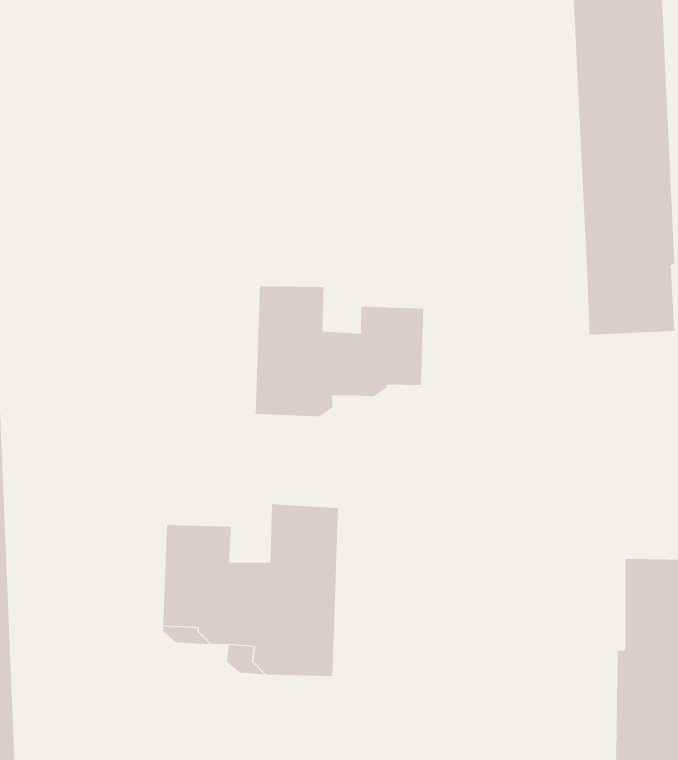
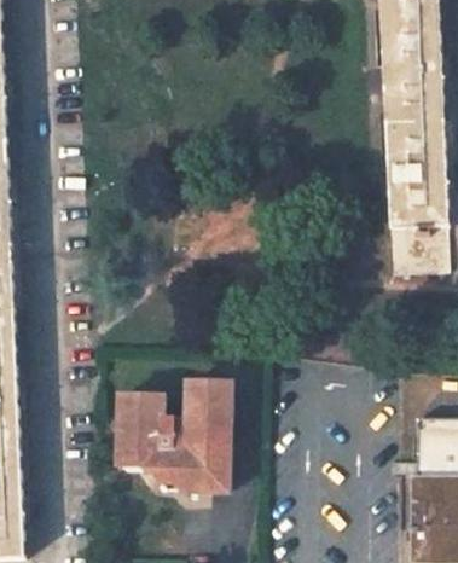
building: [255,285,424,417] -> none

